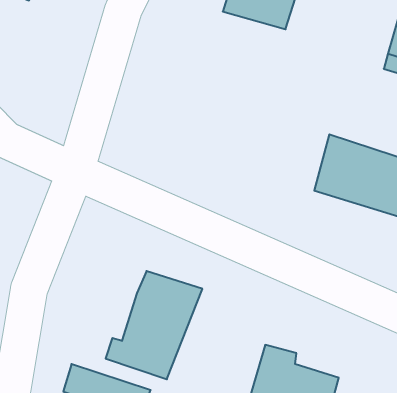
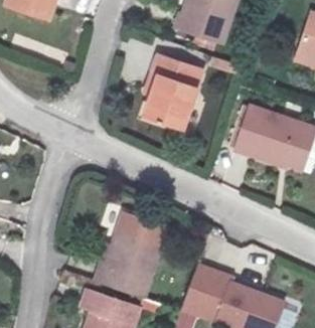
building: none -> [140,51,195,130]

